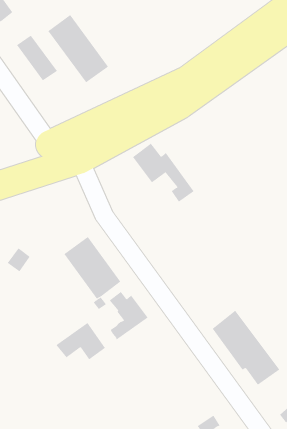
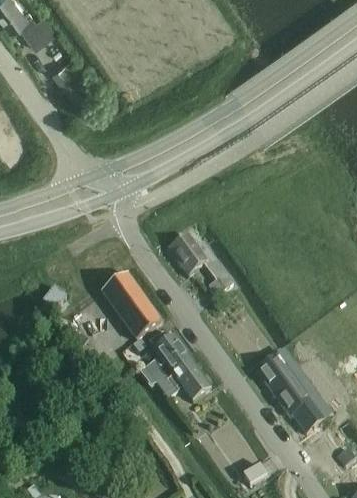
building: [48,14,109,83] -> none
building: [132,143,195,202] -> [167,231,233,294]
building: [56,322,106,360] -> [157,357,210,397]

